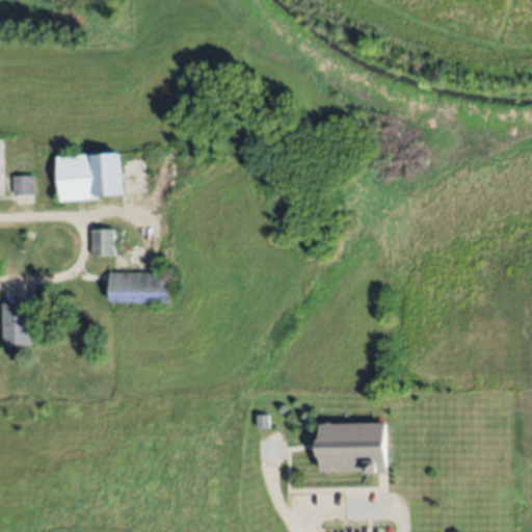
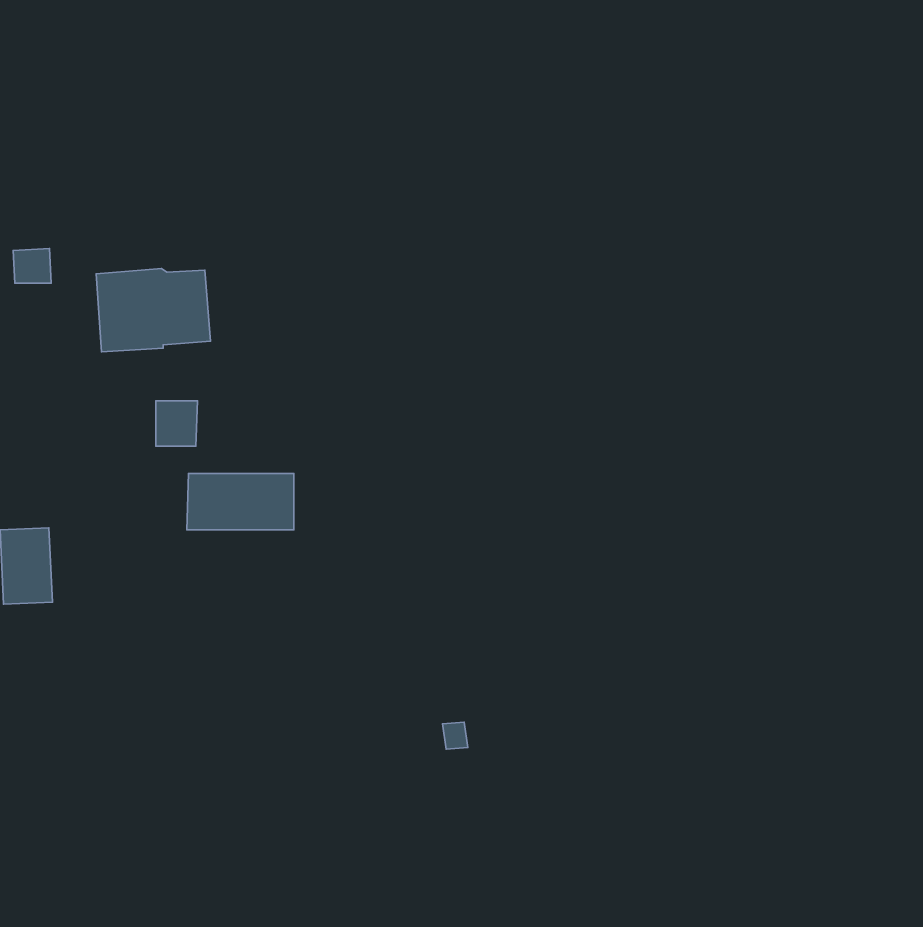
building: [11,176,33,195] -> [13,249,51,283]
building: [318,422,388,474] -> none

